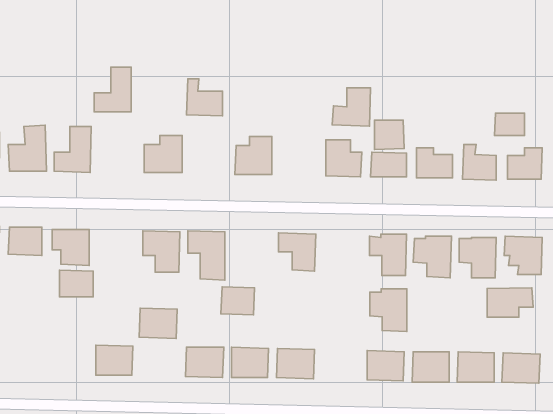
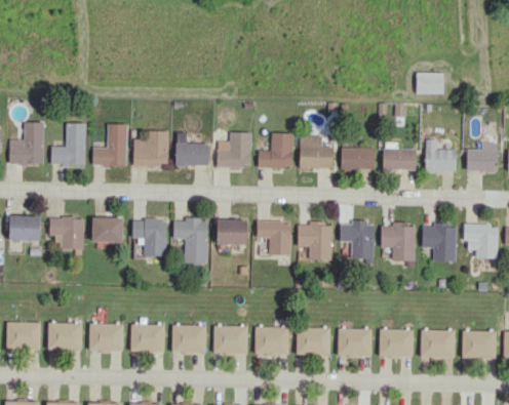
building: [94,67,131,112] -> [92,124,126,165]
building: [187,79,222,116] -> [175,132,208,166]
building: [332,88,370,126] -> [258,133,292,168]
building: [494,113,525,136] -> [416,73,443,93]
building: [375,120,404,150] -> none
building: [60,270,93,297] -> [92,217,123,242]
building: [221,287,255,315] -> [217,219,247,245]
building: [487,288,533,317] -> none
building: [370,289,407,332] -> [298,221,331,260]
building: [139,308,177,338] -> [130,324,165,352]
building: none -> [6,322,41,349]
building: none -> [47,322,81,350]
building: none -> [296,327,329,355]

